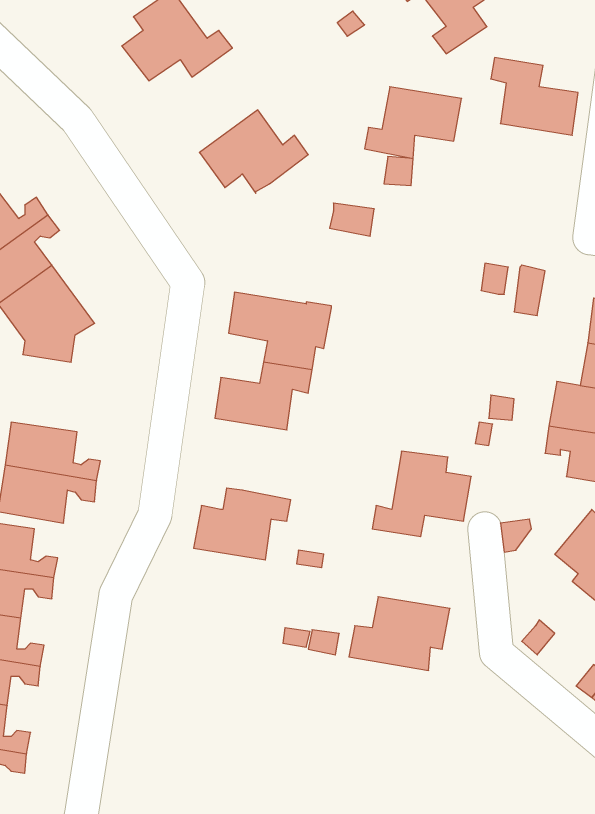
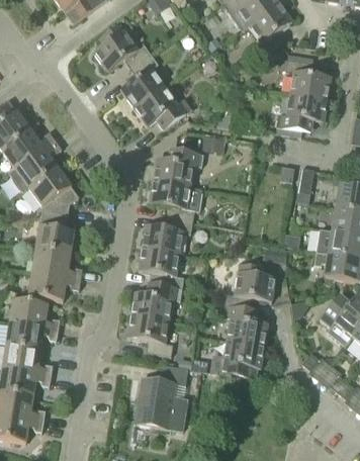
building: none -> [120,54,164,108]
building: [365,87,462,158] -> [277,93,328,130]
building: none -> [152,149,203,187]
building: none -> [35,213,74,254]
building: none -> [138,247,183,289]
building: none -> [222,304,267,346]
building: none -> [127,314,172,356]
building: none -> [134,364,187,430]

